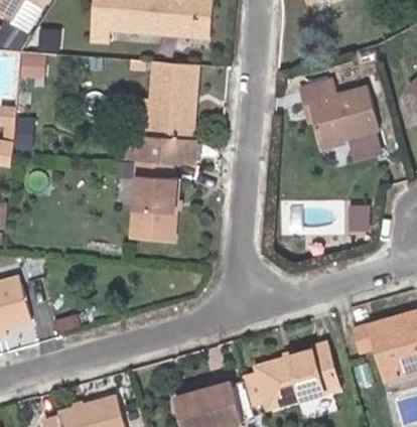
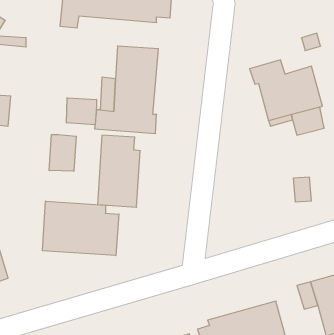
building: none -> [67,98,97,125]
building: none -> [49,134,76,171]
building: none -> [43,201,119,256]

